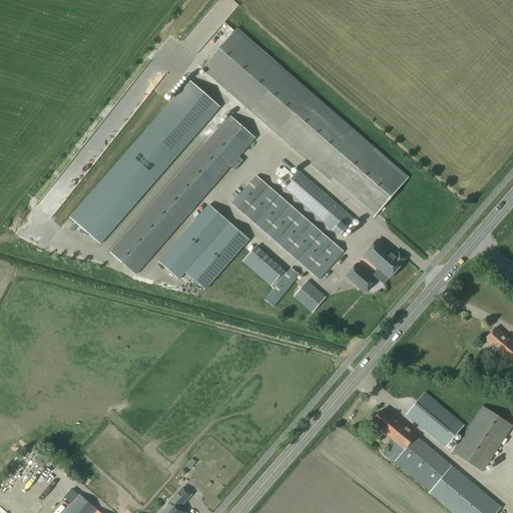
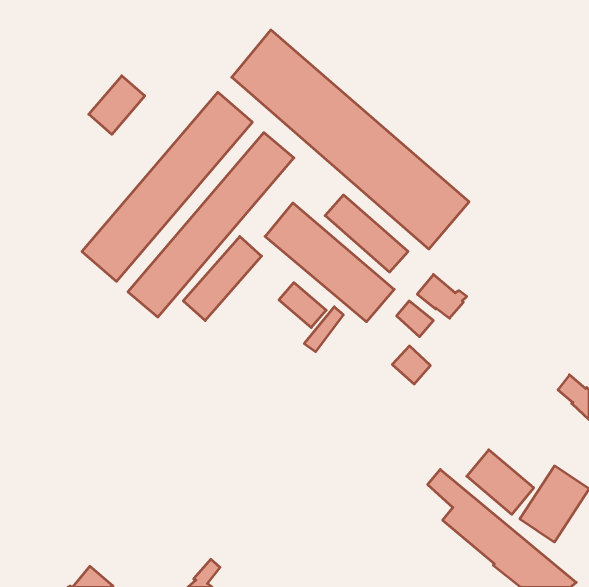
building: none -> [89,76,145,134]
building: [184,222,247,289] -> none
building: [293,280,326,313] -> [392,346,430,384]

